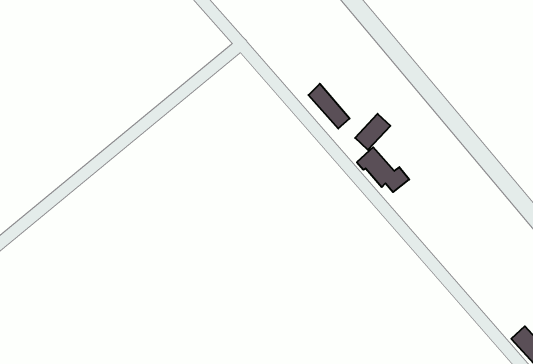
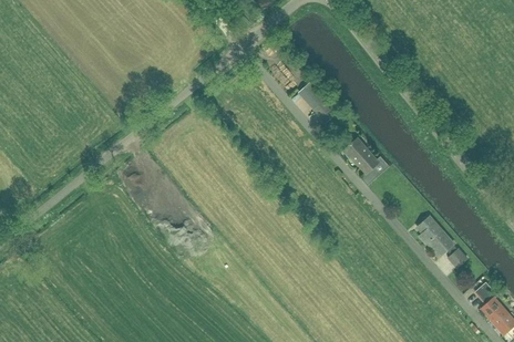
building: [355,114,390,150] -> none
building: none -> [415,216,466,267]

